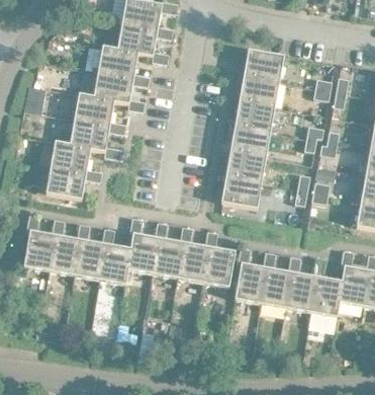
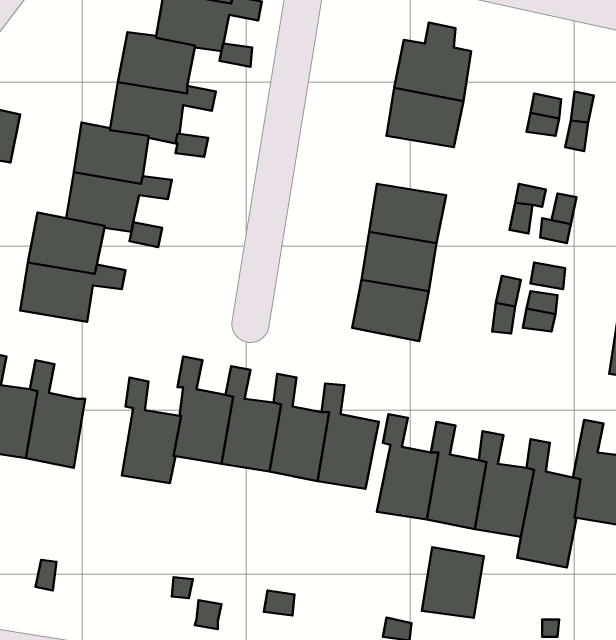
building: [235,100,275,132] -> none
building: [75,223,106,280] -> none
building: none -> [422,547,484,618]

